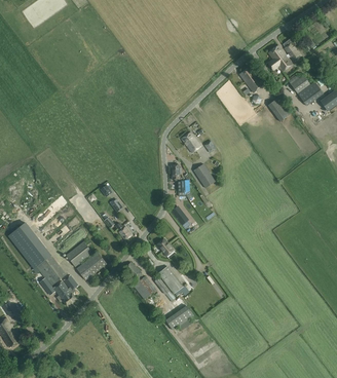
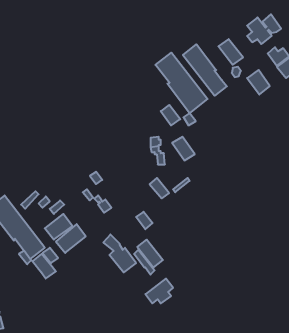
building: none -> [183,44,227,96]
building: none -> [155,53,208,113]

